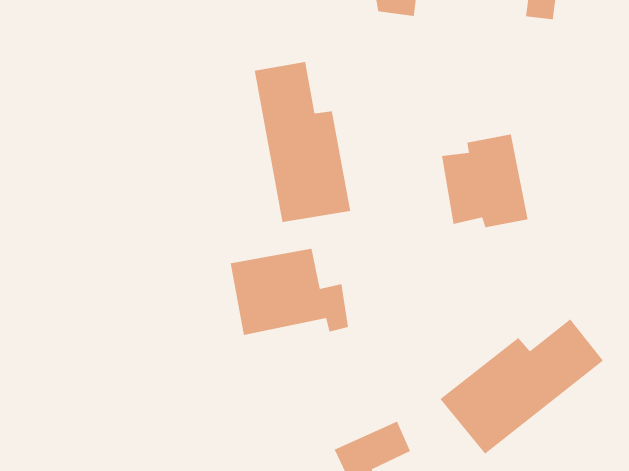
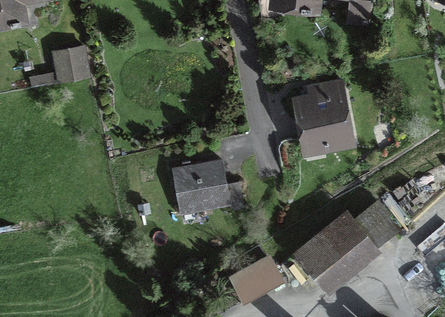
building: none -> [55,47,90,82]
building: [254,61,351,223] -> none

